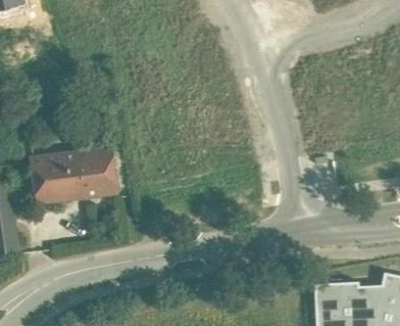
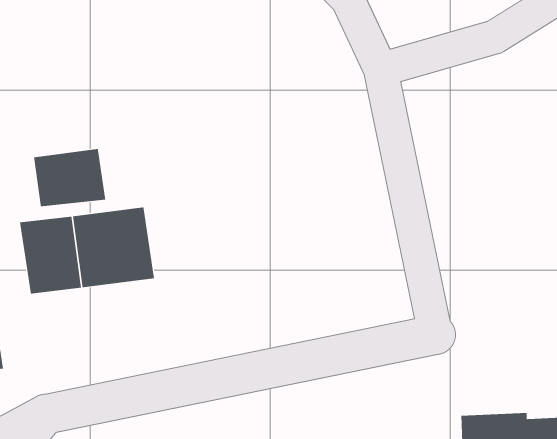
building: none -> [33,148,106,207]

